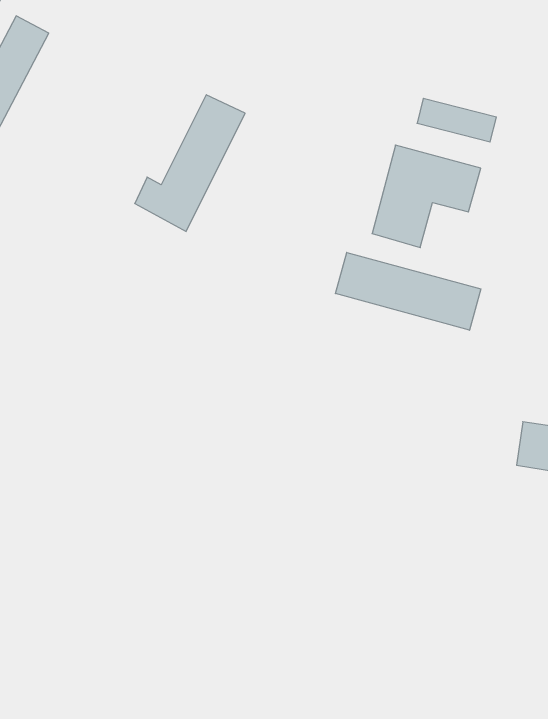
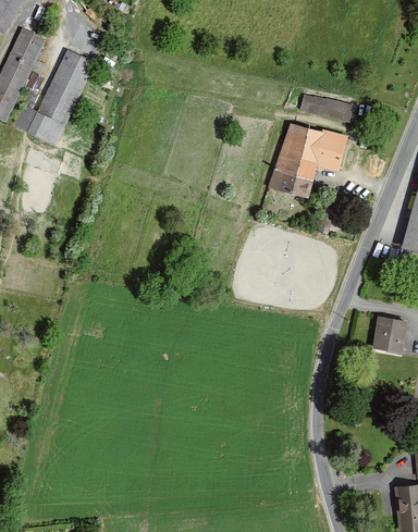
building: [135,95,245,231] -> [20,50,97,146]
building: [335,252,481,330] -> none

